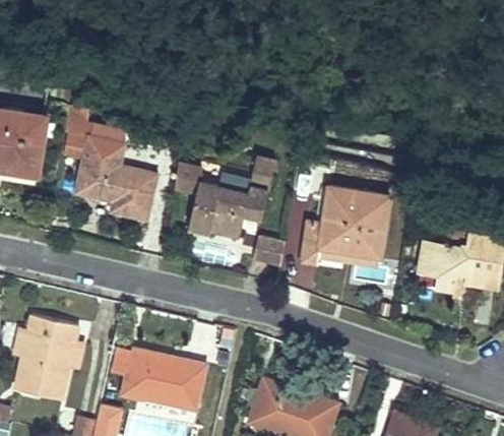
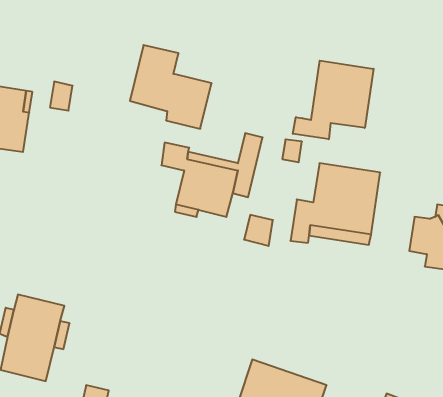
building: none -> [293,61,374,139]
building: [76,137,156,220] -> [130,45,212,129]
building: [113,348,205,410] -> none

